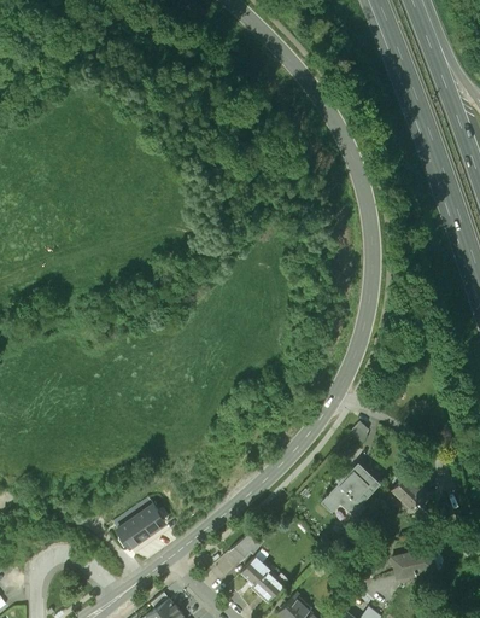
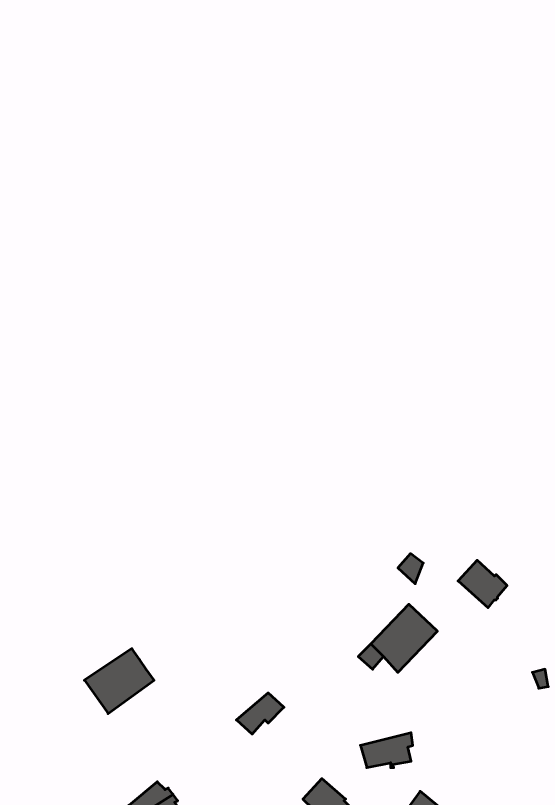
building: [392,477,429,513] -> [458,560,507,608]
building: [392,549,432,576] -> [360,733,413,768]
building: [241,556,285,602] -> none

